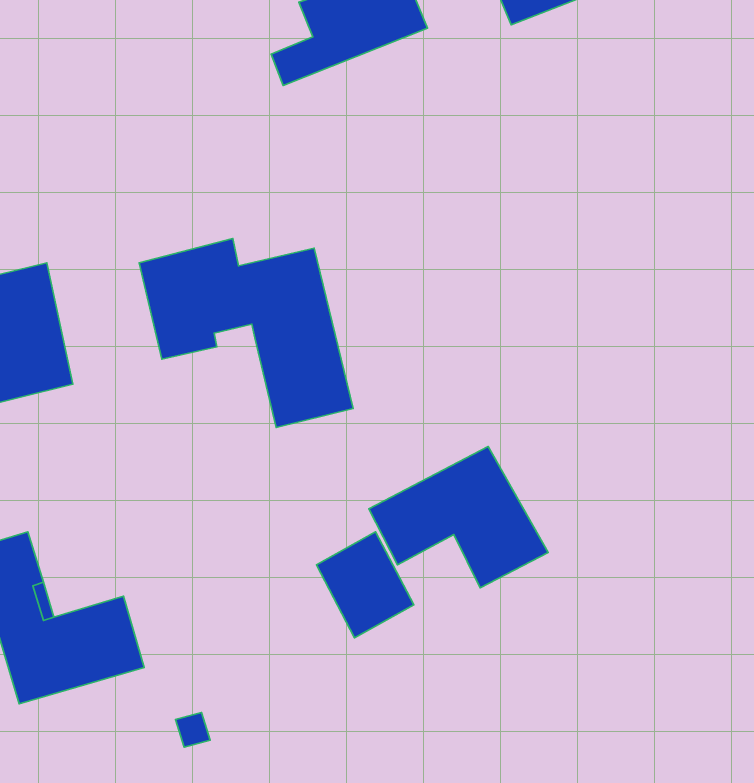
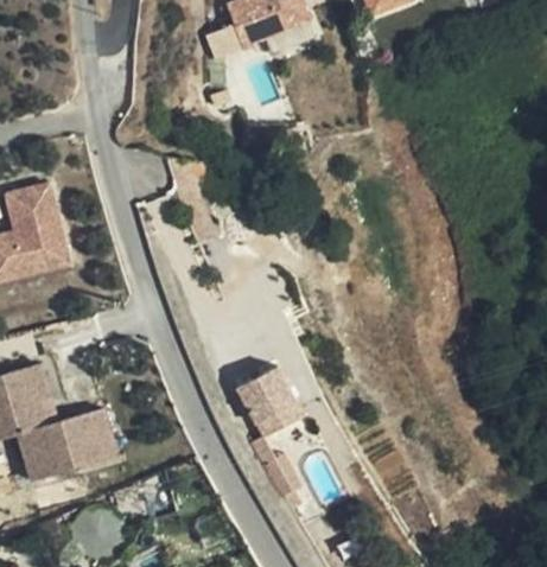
building: [139,239,353,427] -> none
building: [369,447,548,588] -> none

